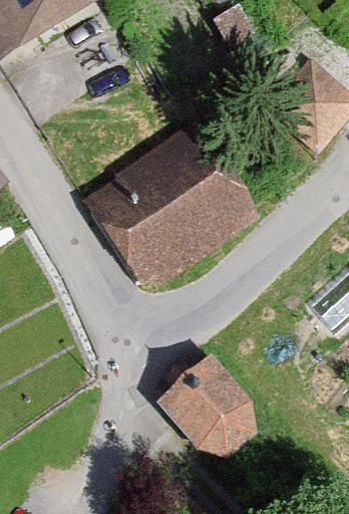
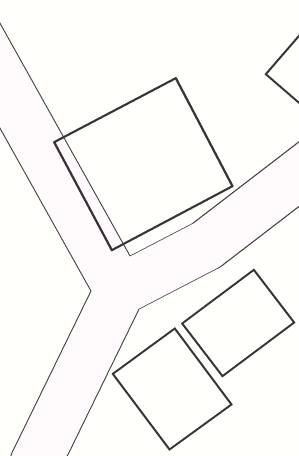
building: none -> [182,270,294,376]

